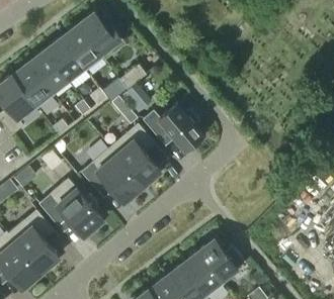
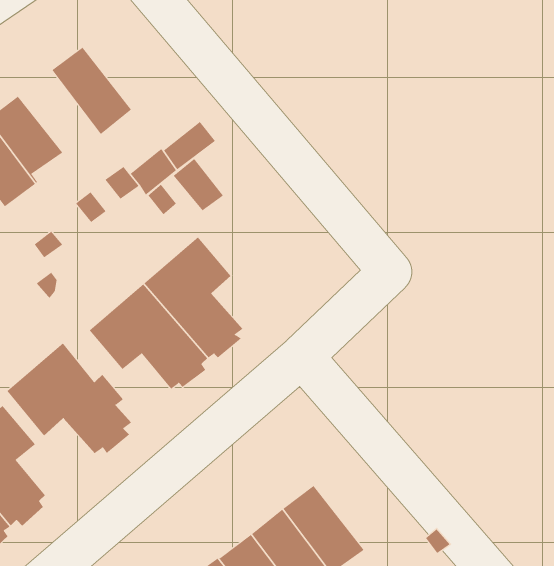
building: [77,13,120,59] -> none
building: [44,38,86,81] -> none
building: [142,102,203,151] -> none
building: [196,239,240,286] -> none

